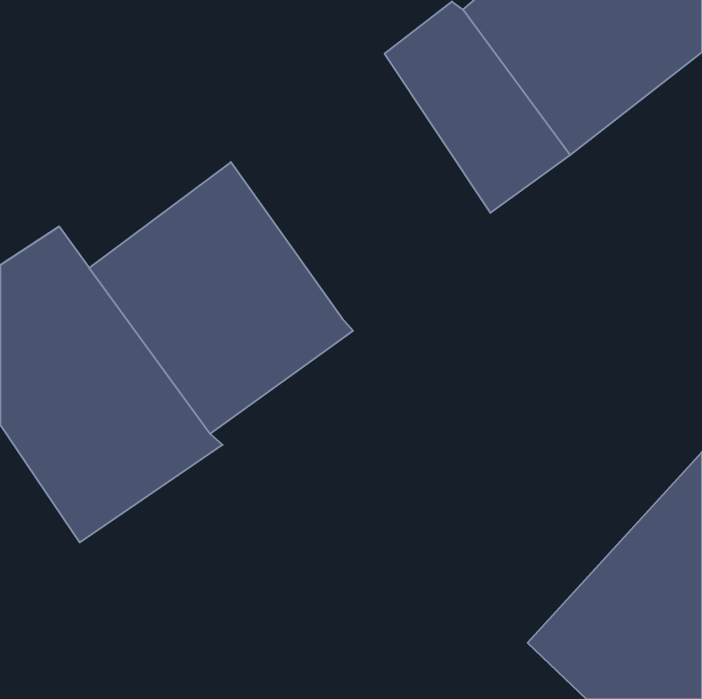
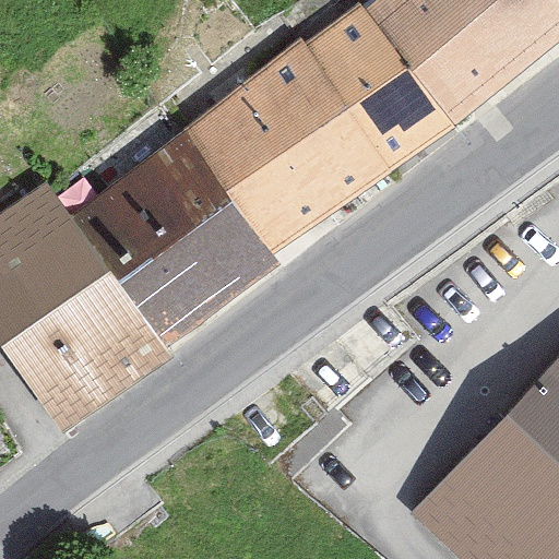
building: none -> [183,37,390,253]

